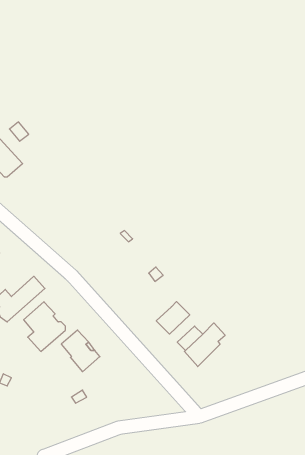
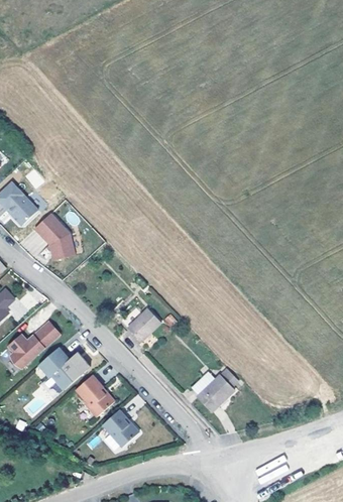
building: none -> [34,213,83,259]
building: [156,302,190,334] -> [127,308,160,341]
building: none -> [102,409,138,447]

